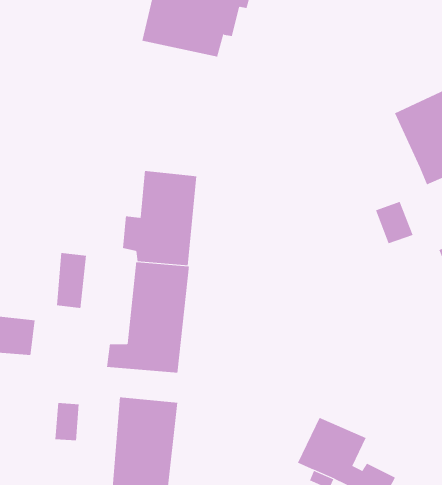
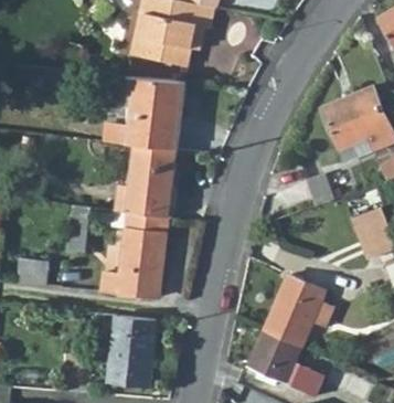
building: none -> [102,78,178,151]
building: none -> [264,269,344,348]

